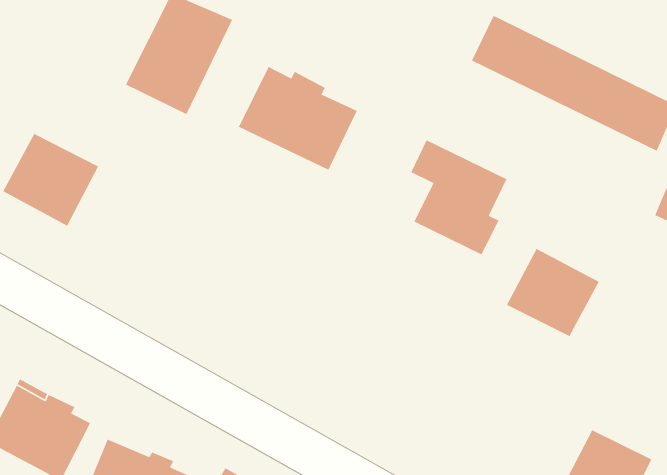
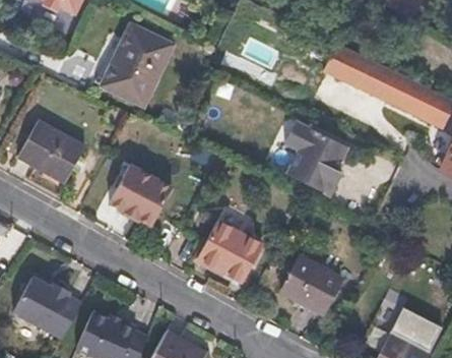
building: [238,66,358,171] -> none
building: none -> [110,163,173,222]
building: [506,248,600,337] -> [281,255,341,312]
building: none -> [199,221,263,280]

